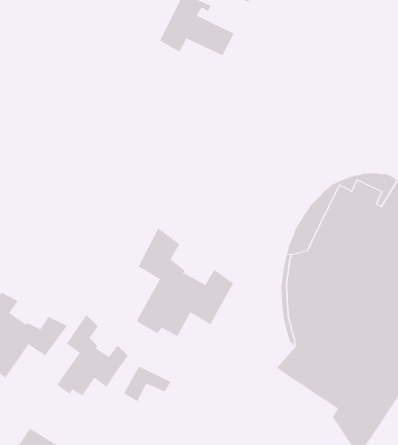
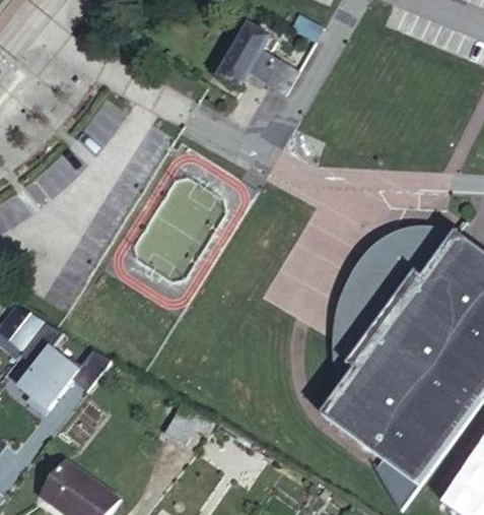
building: [136,227,234,337] -> none
building: [57,314,128,396] -> none

